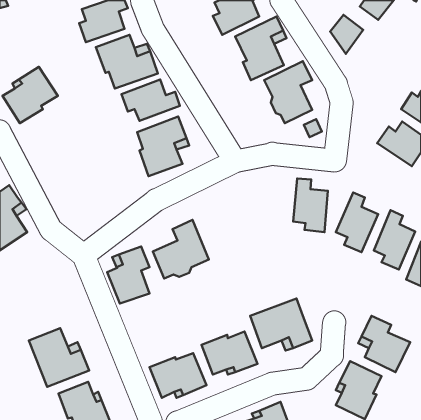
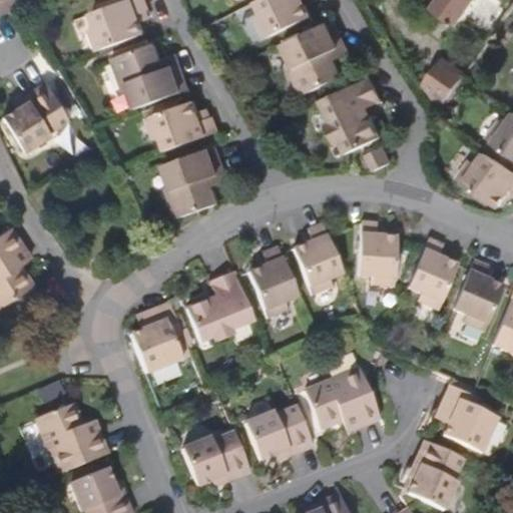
building: [330,15,363,54] -> [427,61,467,108]
building: none -> [292,220,343,294]
building: none -> [248,245,299,317]

